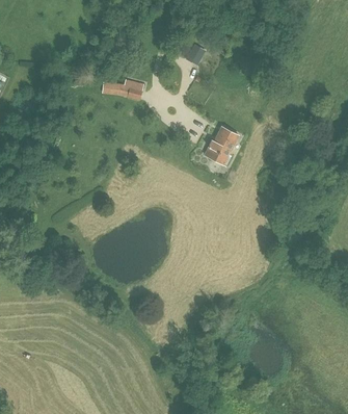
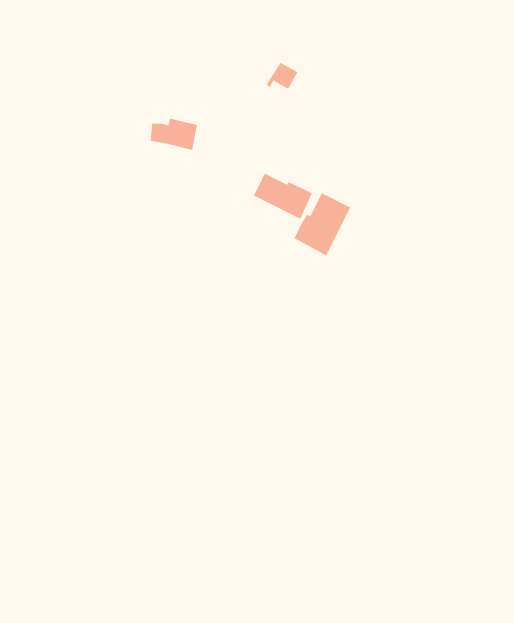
building: none -> [253,173,313,220]

